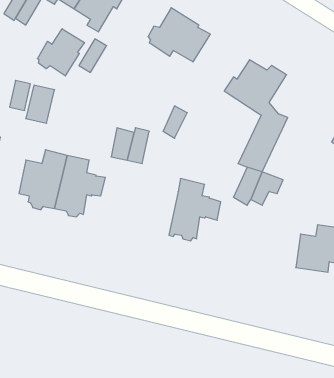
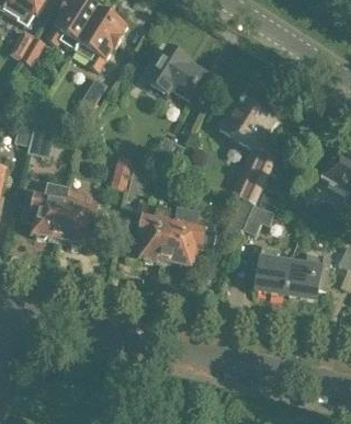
building: [37,29,84,76] -> none
building: none -> [139,205,174,263]
building: none -> [250,245,291,294]

